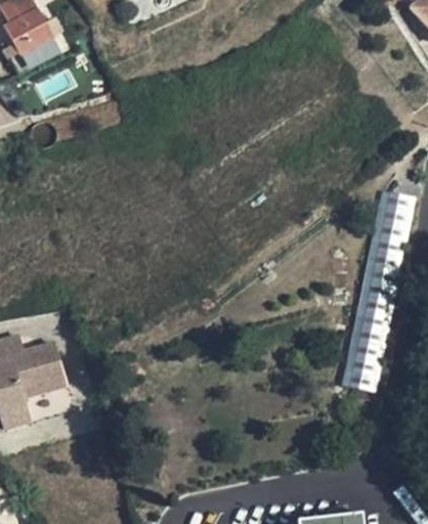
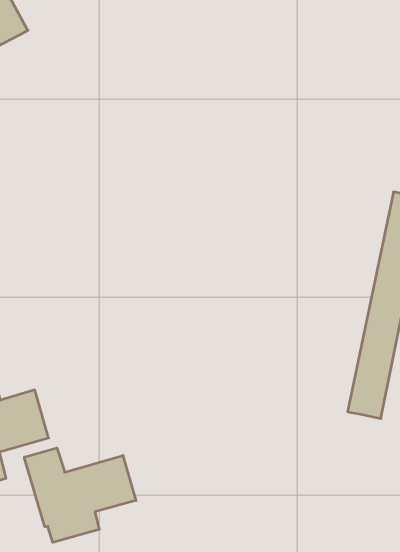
building: none -> [24,448,136,542]

